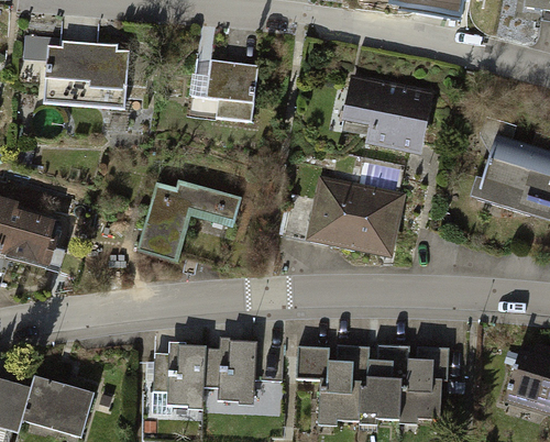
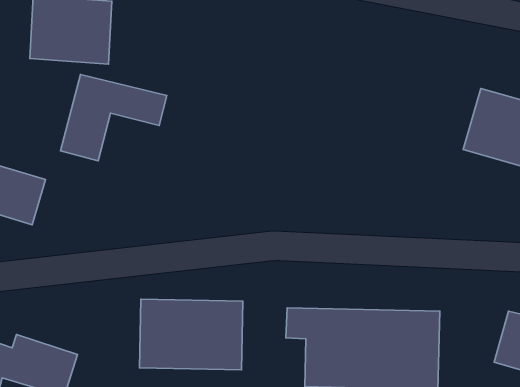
building: [207,59,261,120] -> none
building: [344,78,436,155] -> none
building: [136,175,242,261] -> [61,74,167,161]
building: [282,175,404,257] -> none

